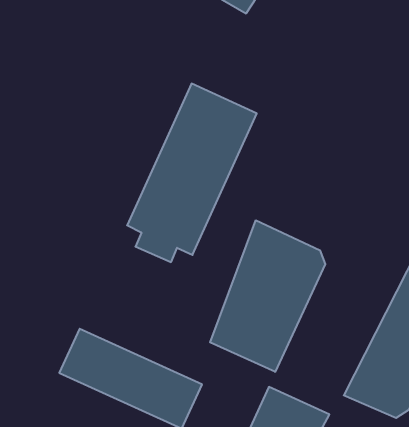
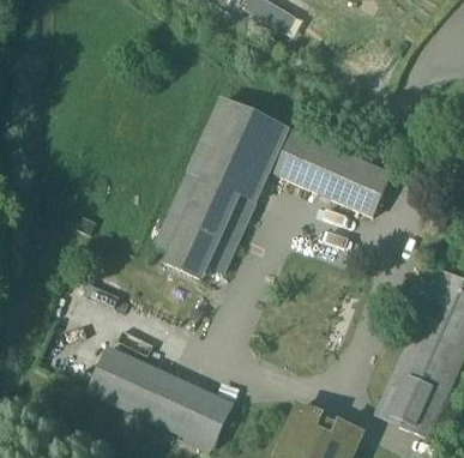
building: none -> [276,132,391,216]
building: [210,220,325,372] -> none

